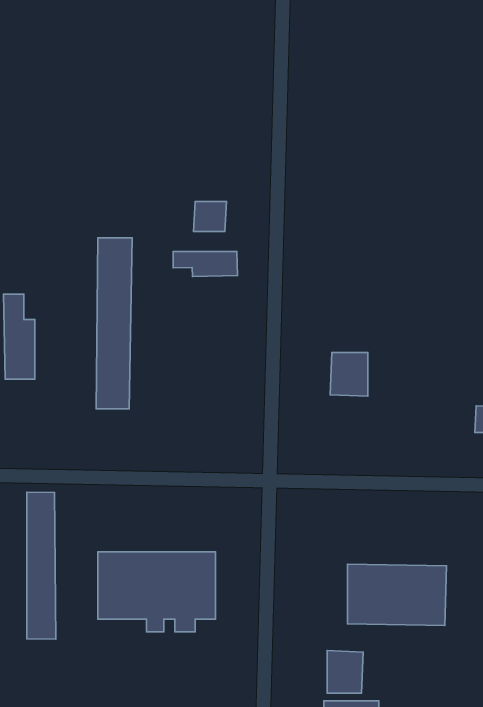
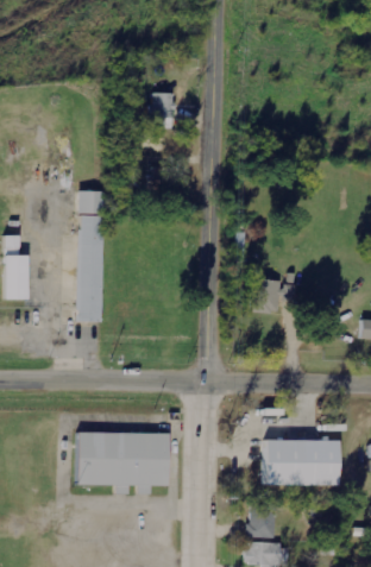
building: none -> [153,93,175,128]
building: [173,251,237,276] -> none
building: [27,492,56,639] -> none

